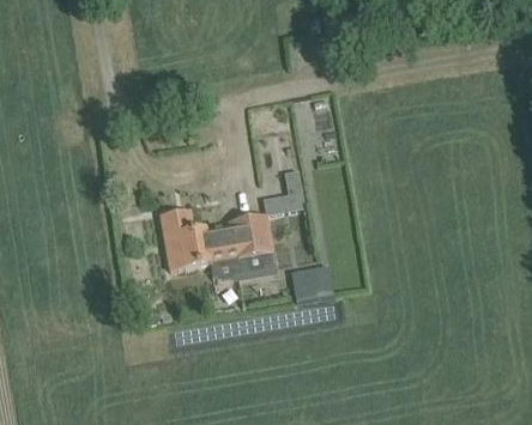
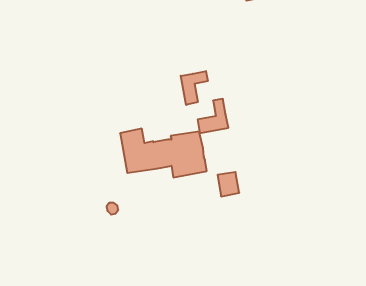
building: none -> [181,71,208,105]

